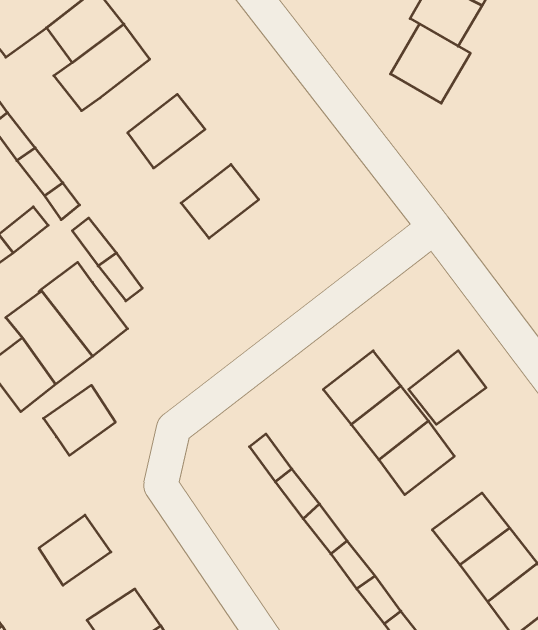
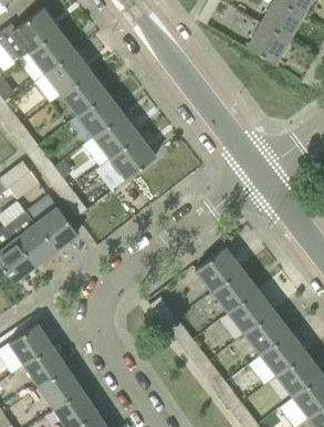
building: [390,24,470,103] -> none
building: none -> [61,72,107,116]
building: none -> [85,114,139,165]
building: [409,351,486,424] -> [243,310,290,354]
building: [43,385,115,455] -> [9,323,52,365]
building: none -> [39,367,82,408]

